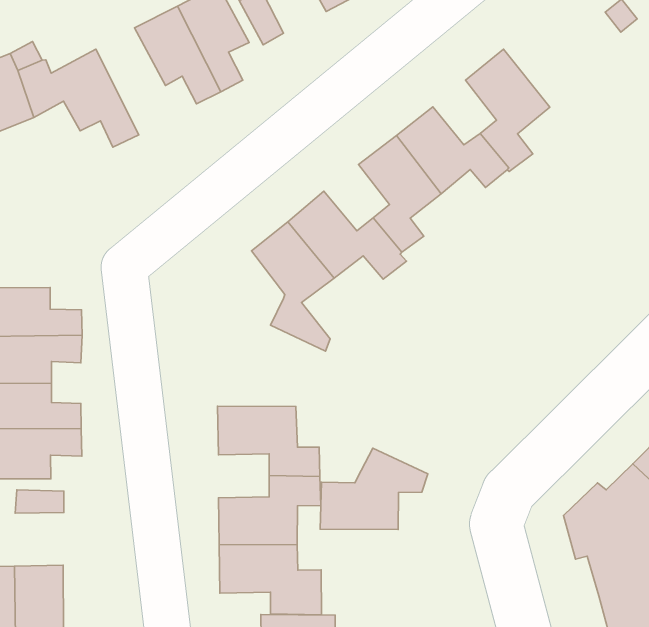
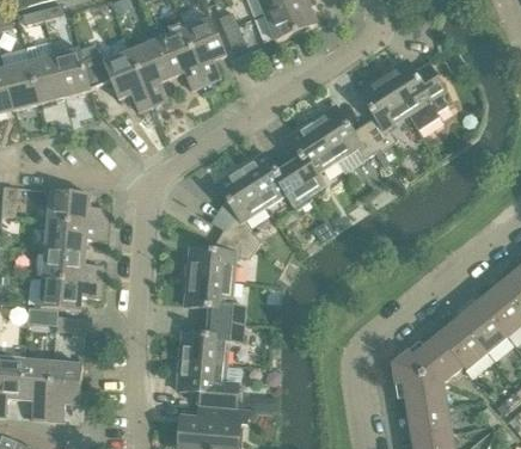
building: none -> [381,59,446,130]
building: none -> [131,39,172,105]
building: [320,448,428,529] -> [185,229,255,281]

